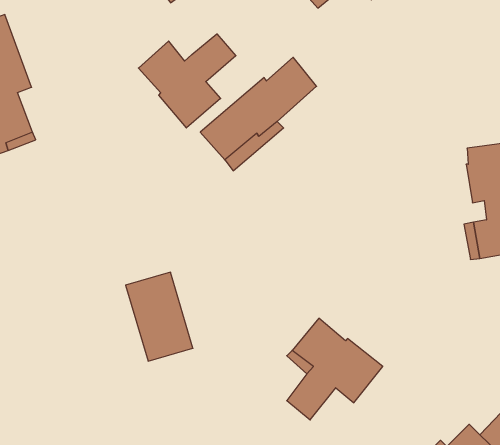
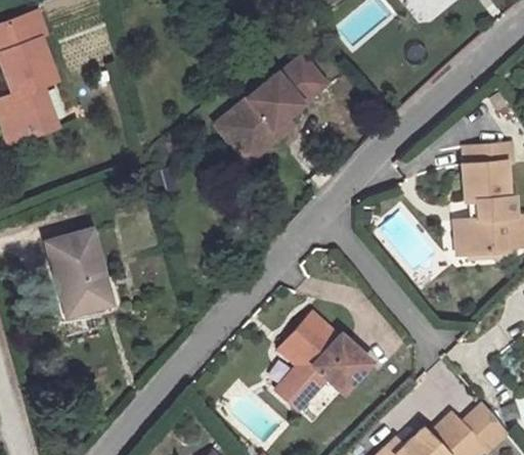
building: [138,34,236,128] -> none
building: [126,272,193,361] -> [43,240,107,325]

